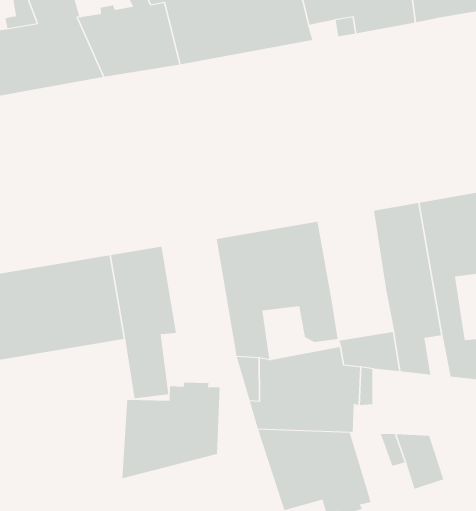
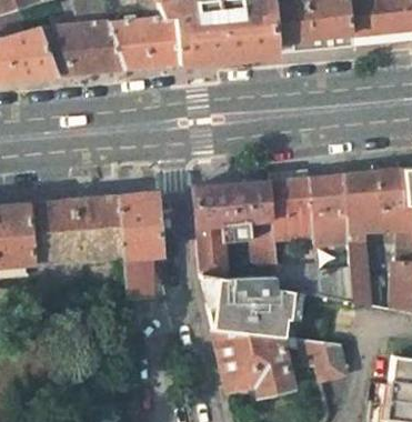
building: none -> [270,179,314,240]
building: [122,382,220,479] -> none

